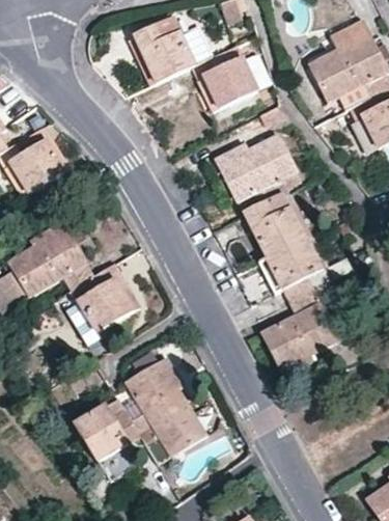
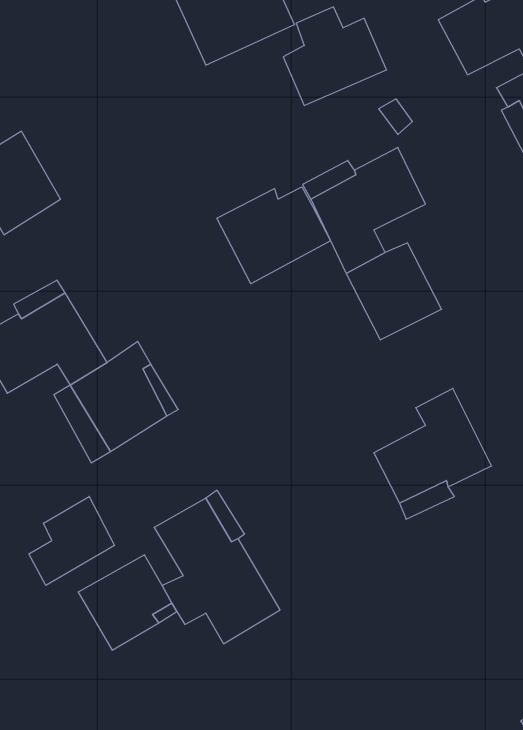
building: none -> [217,187,331,284]
building: [262,241,331,304] -> none
building: none -> [29,496,114,585]

